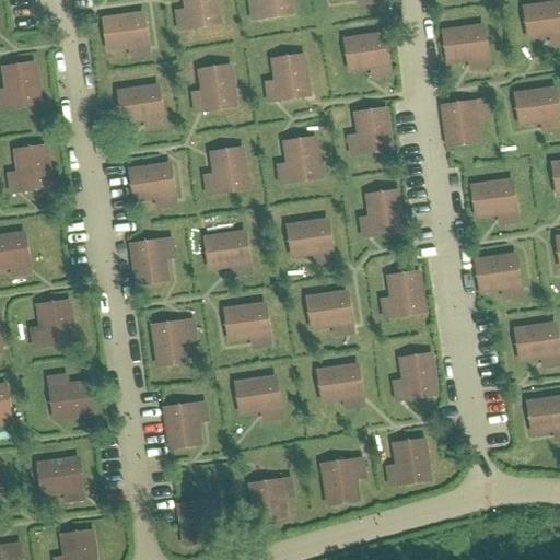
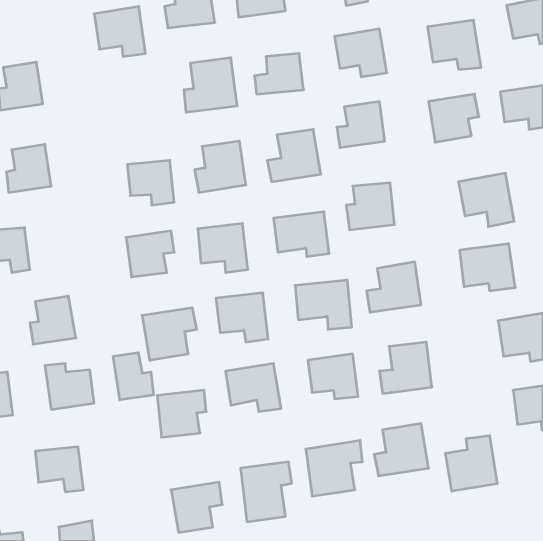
building: [113,83,163,131] -> none
building: none -> [113,353,153,400]
building: none -> [445,436,497,491]

